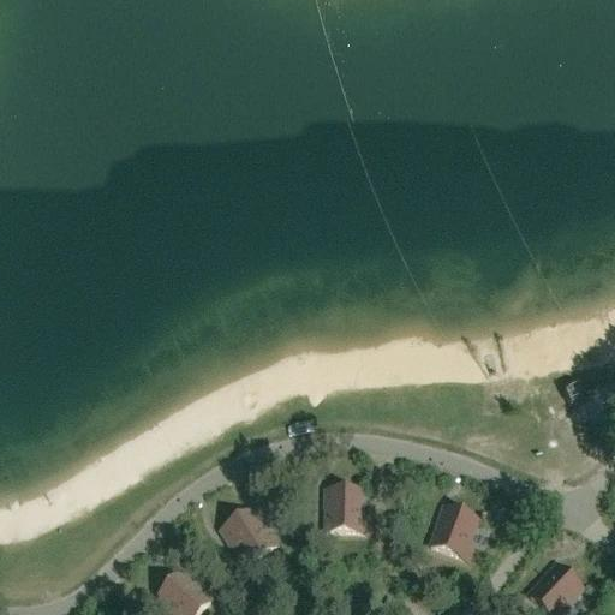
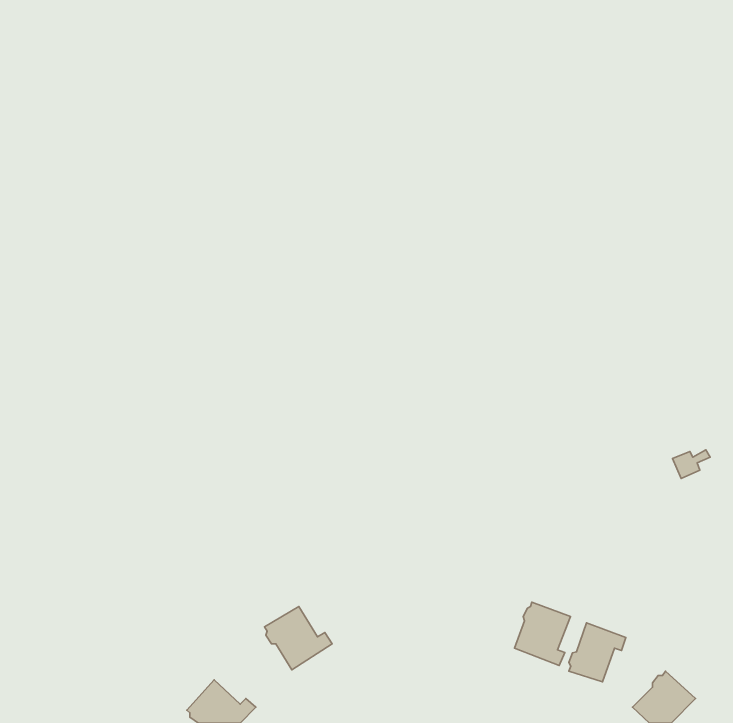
building: [326,485,368,529] -> none
building: none -> [569,623,626,682]

